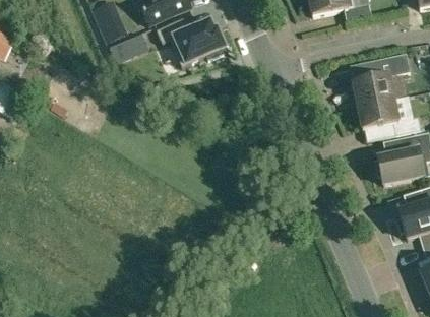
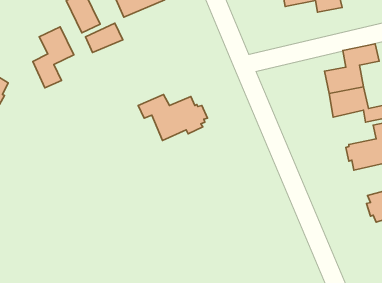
building: [157,18,229,66] -> [138,95,208,141]
building: none -> [33,27,74,88]

